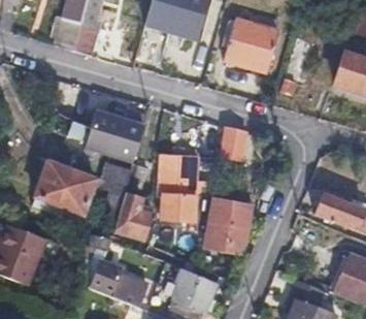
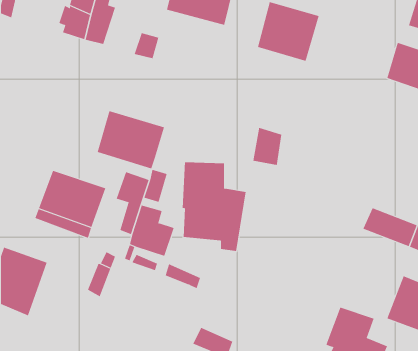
building: [213,208,248,255] -> none
building: [96,270,145,304] -> none
building: [174,276,217,311] -> none

